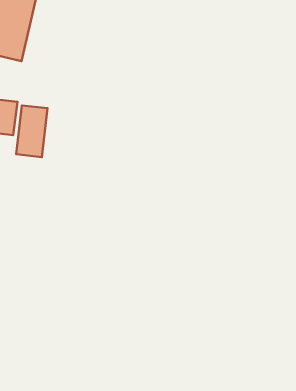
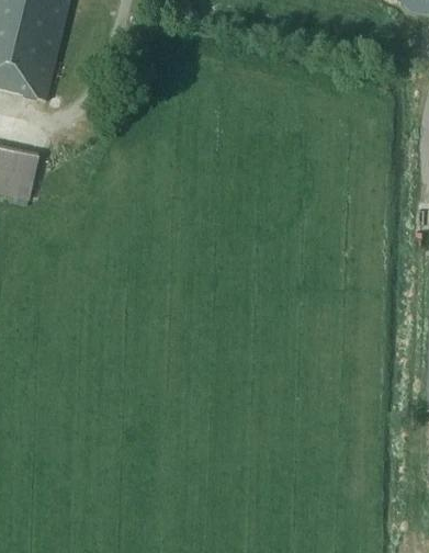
building: [16,105,47,157] -> none

